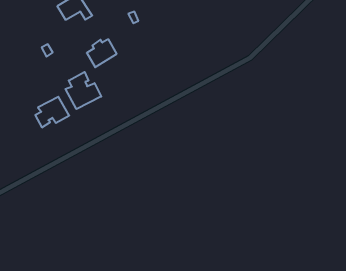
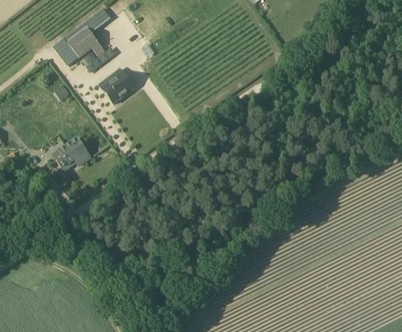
building: [65,72,101,109] -> none

